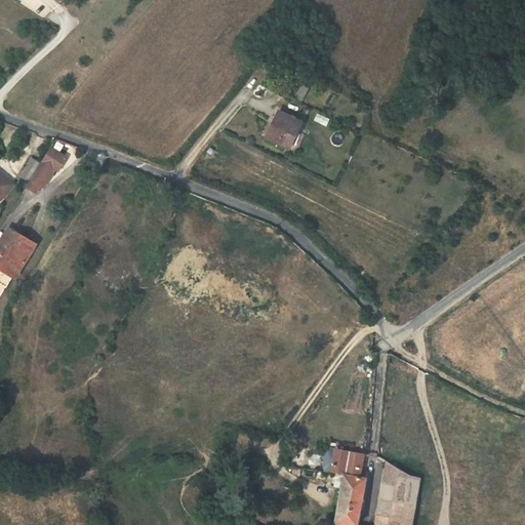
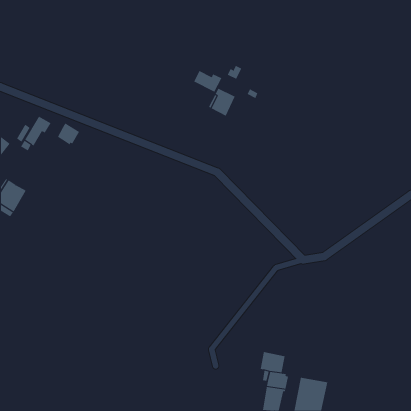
building: none -> [194,70,222,92]
building: none -> [57,123,80,145]
building: [382,460,419,487] -> none

